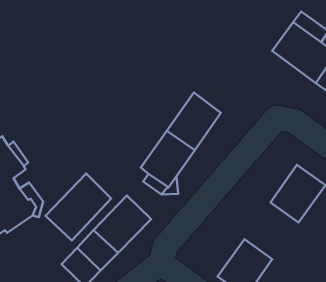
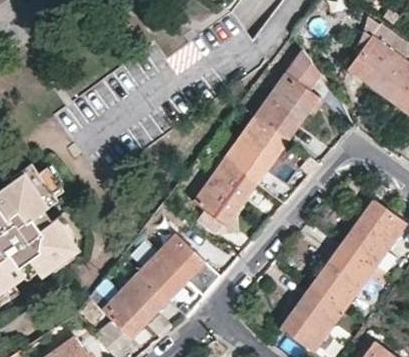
building: none -> [254,51,318,140]
building: [46,174,111,241] -> none
building: none -> [312,243,388,308]

